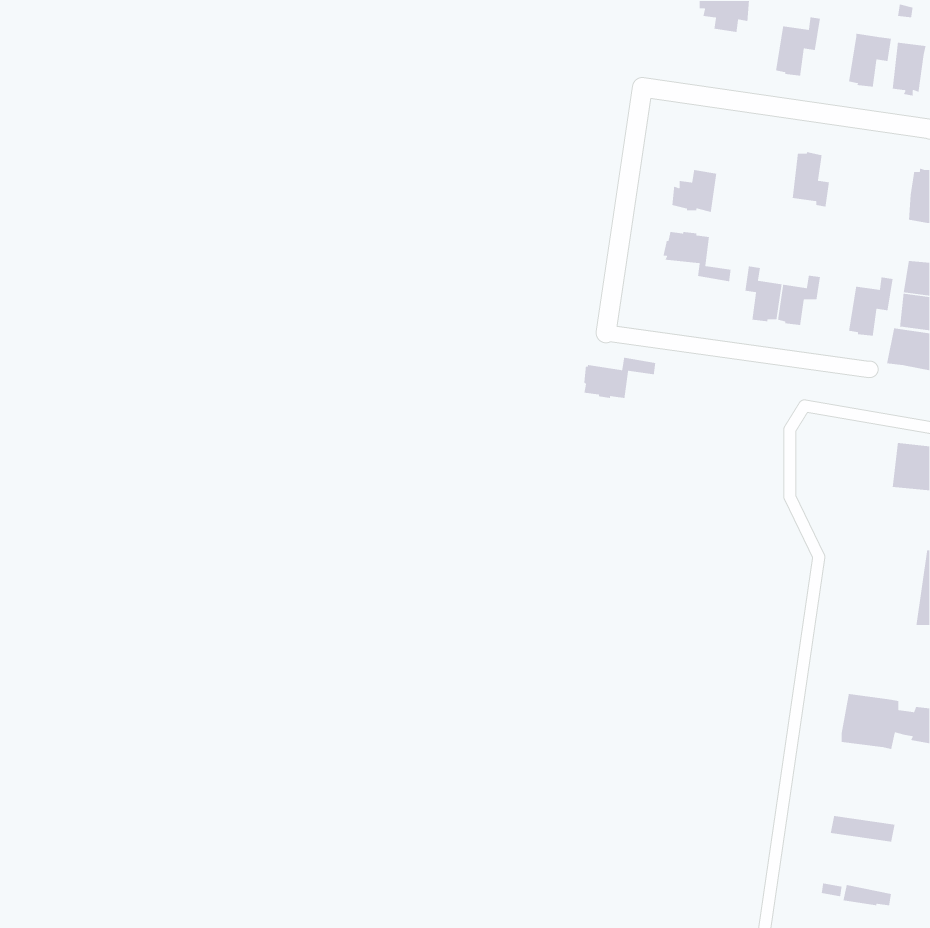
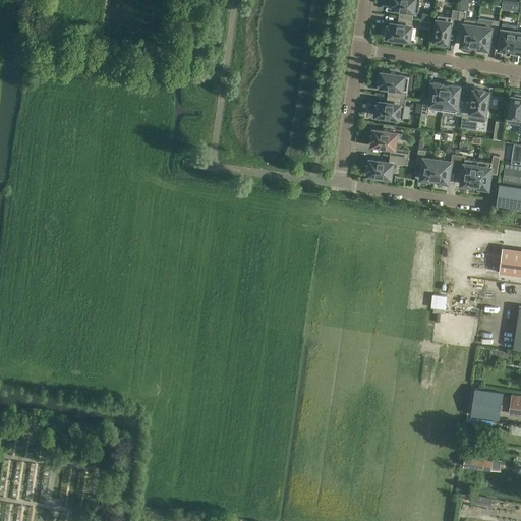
building: none -> [456,11,478,48]
building: none -> [387,17,412,42]
building: none -> [380,73,409,99]
building: none -> [421,83,446,117]
building: none -> [462,90,488,118]
building: none -> [457,156,478,187]
building: [583,357,656,399] -> [367,156,408,179]

